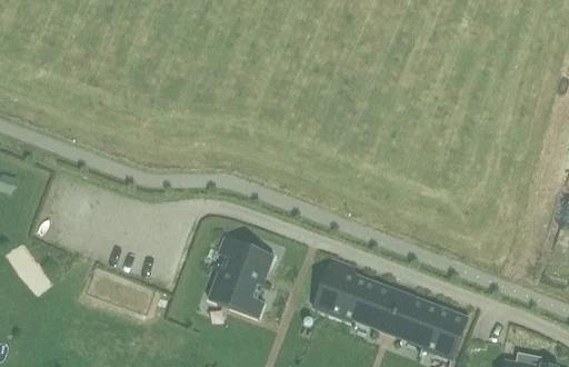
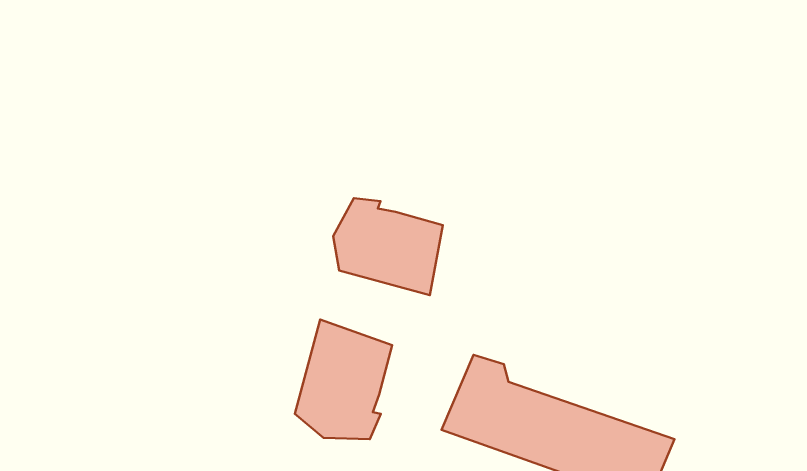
building: none -> [333,198,443,295]

